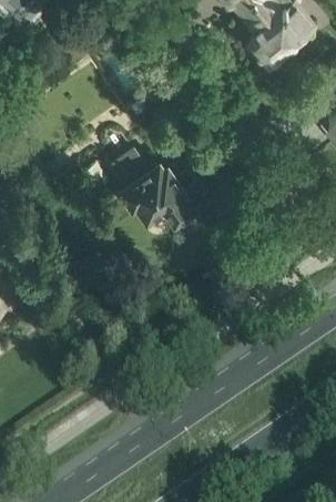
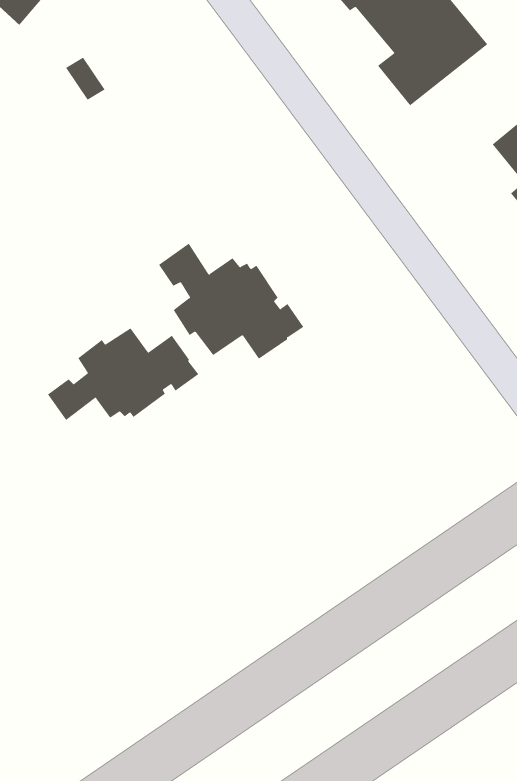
building: none -> [47,327,199,421]

